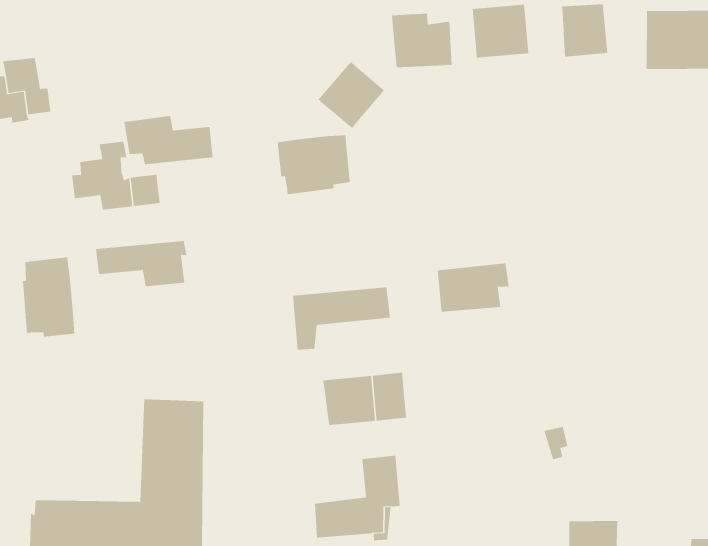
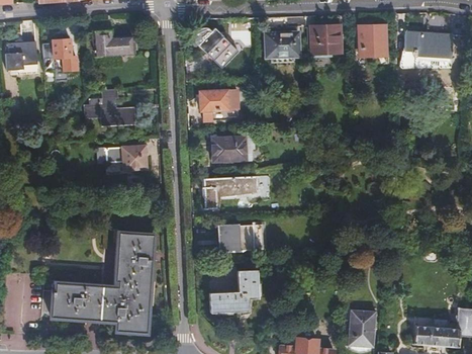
building: [318,61,385,129] -> [197,26,234,64]
building: [124,116,214,165] -> [84,29,132,56]
building: [22,257,75,337] -> none
building: [437,263,509,312] -> [211,138,251,163]

